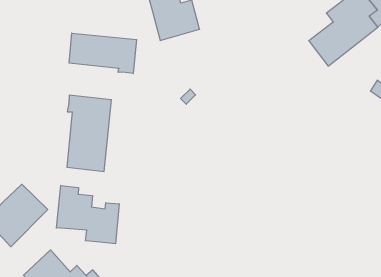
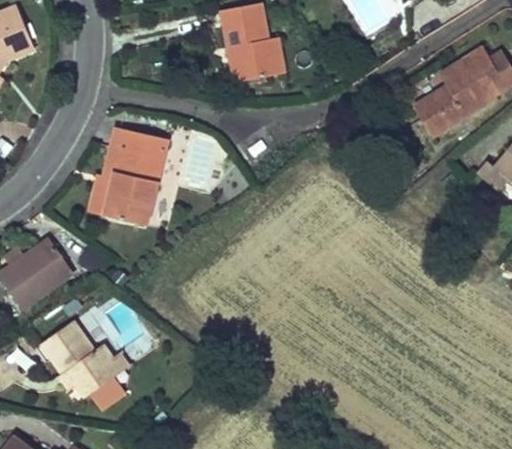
building: [69,33,137,74] -> none
building: [56,185,119,244] -> none

